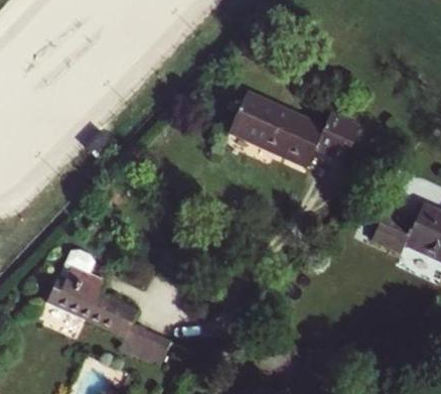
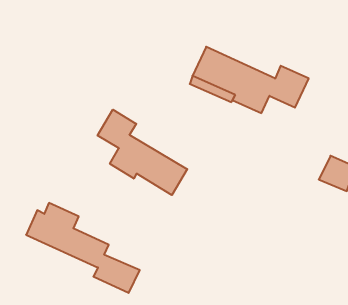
building: none -> [98,110,187,195]

